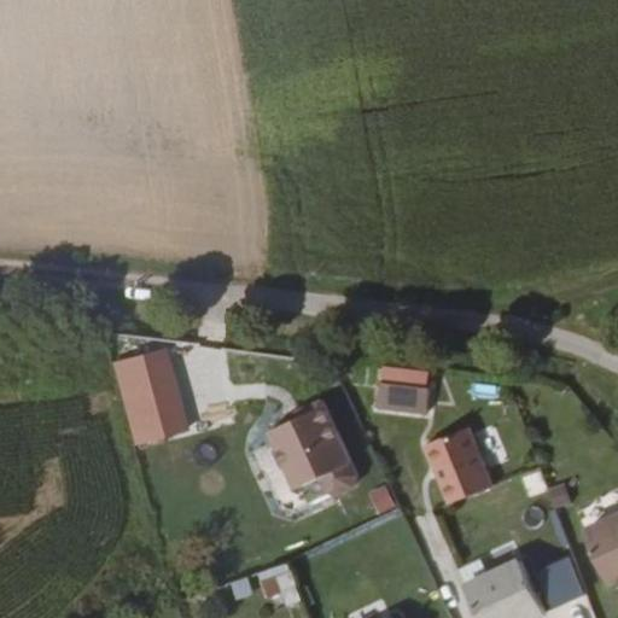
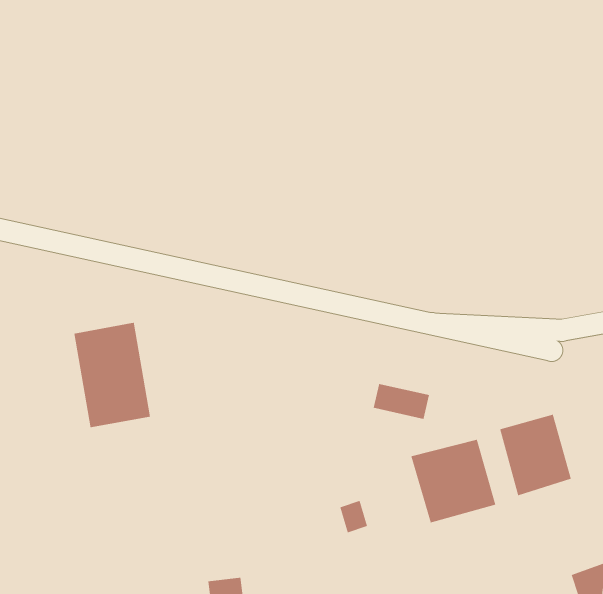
building: [269,386,354,479] -> none
building: none -> [500,414,571,496]

